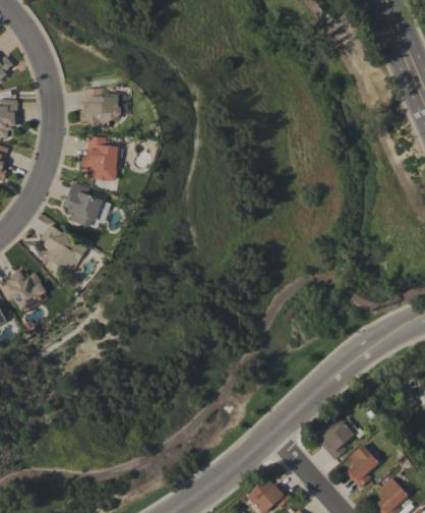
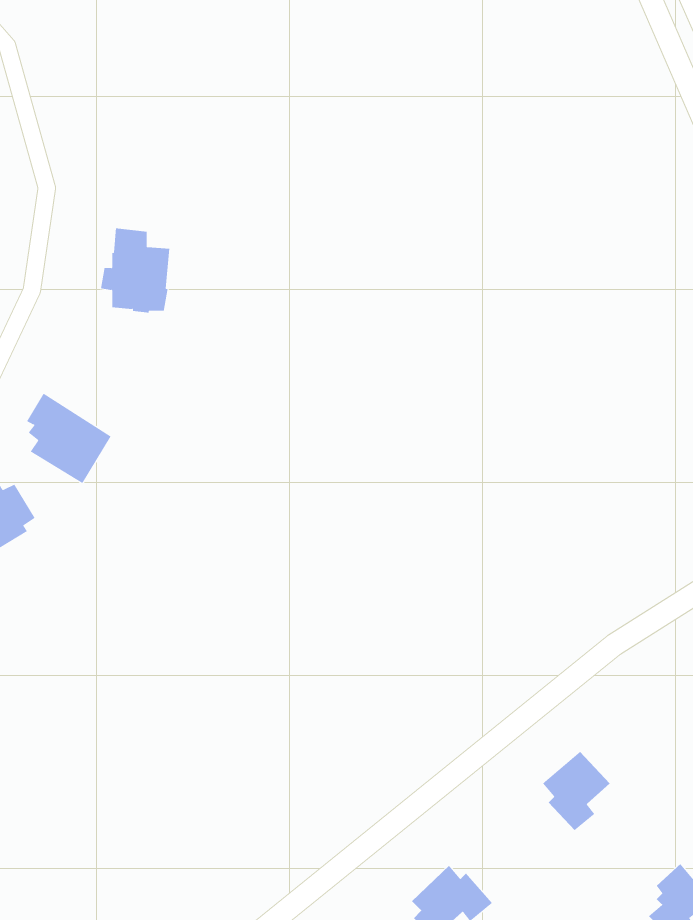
building: [80,88,121,127] -> none
building: [63,182,103,227] -> none
building: [346,444,379,488] -> none

